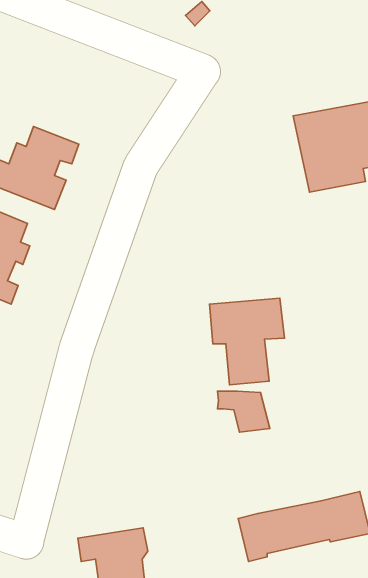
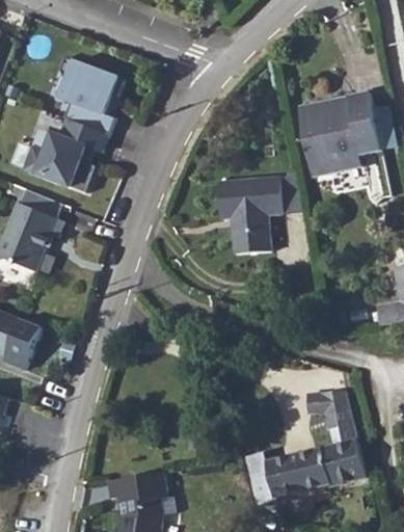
building: none -> [59,54,125,132]
building: [209,298,284,385] -> [218,178,285,255]
building: [217,391,270,432] -> [307,394,354,430]

